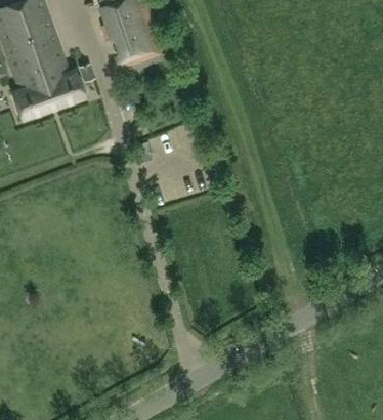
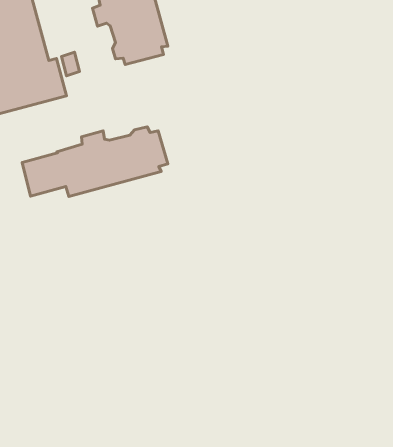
building: none -> [22,127,168,196]

